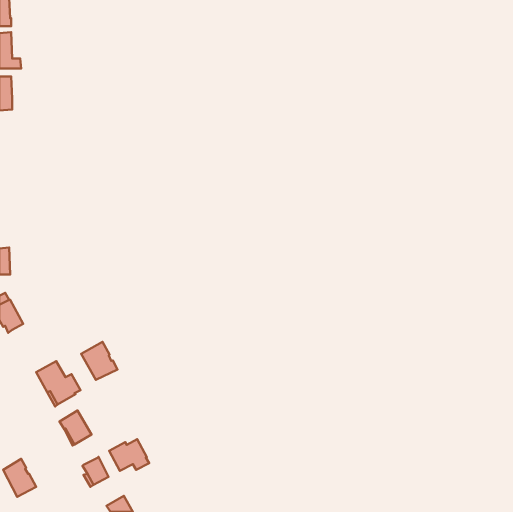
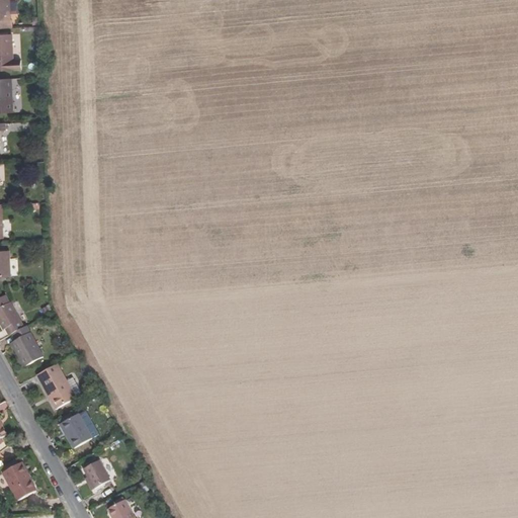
building: none -> [10,325,44,366]
building: [81,342,117,380] -> none
building: [109,439,149,471] -> none

